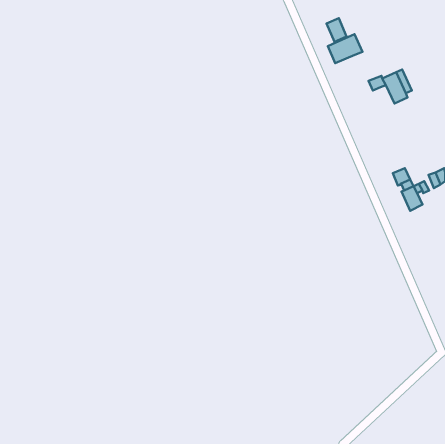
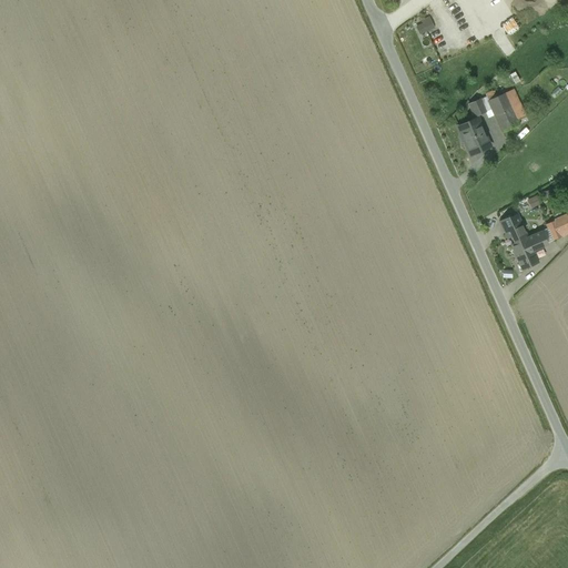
building: [328,34,363,63] -> none
building: none -> [458,118,489,154]

